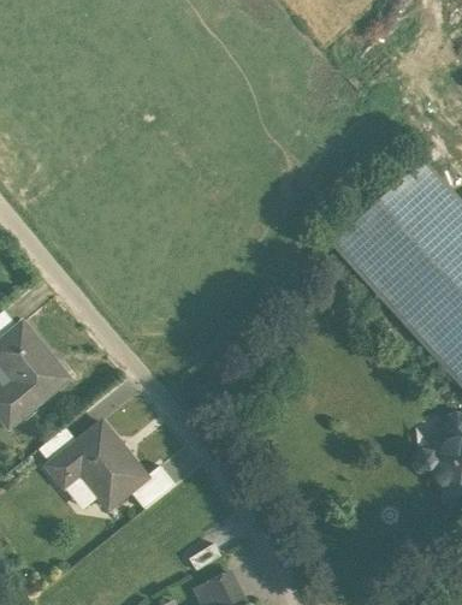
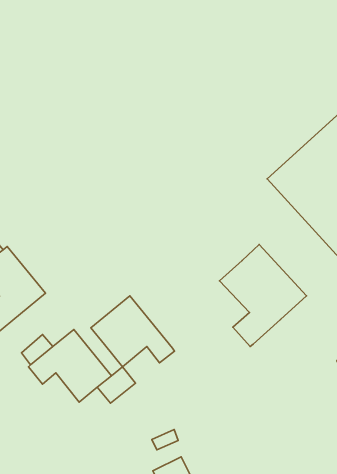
building: none -> [220,245,306,346]
building: none -> [91,296,174,367]

